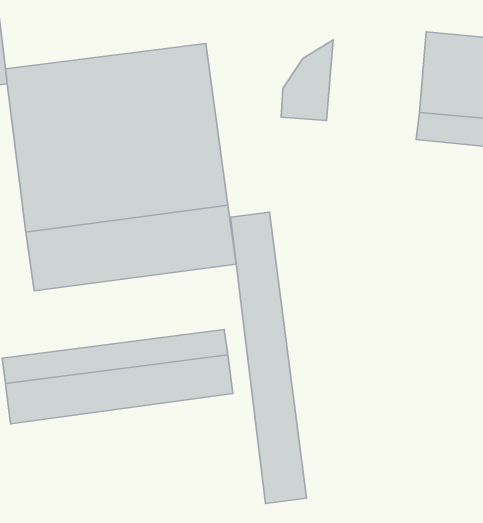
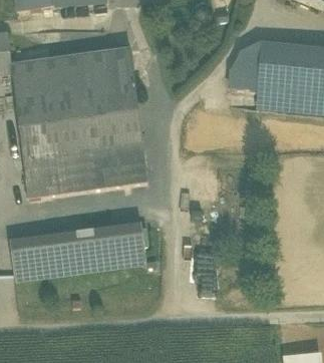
building: [281,40,333,121] -> [231,43,262,91]
building: [230,212,306,504] -> none

